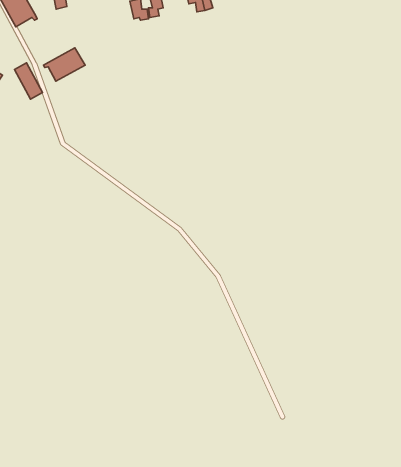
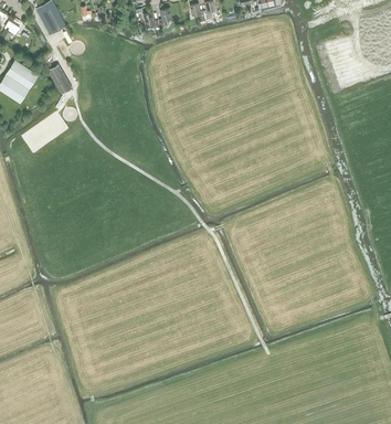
building: [43,48,85,81] -> none

